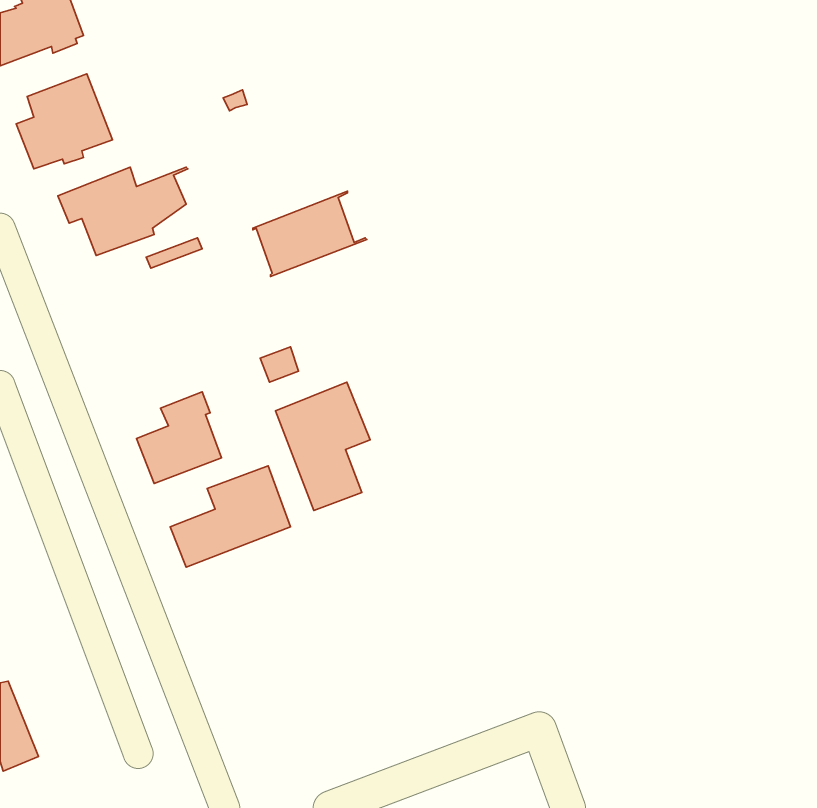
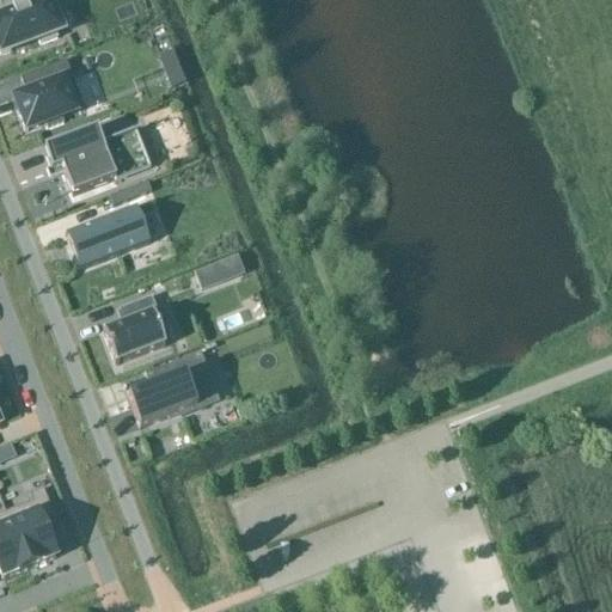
building: [253,191,367,276] -> [67,202,152,265]
building: [276,382,370,510] -> none
building: none -> [8,484,57,563]

